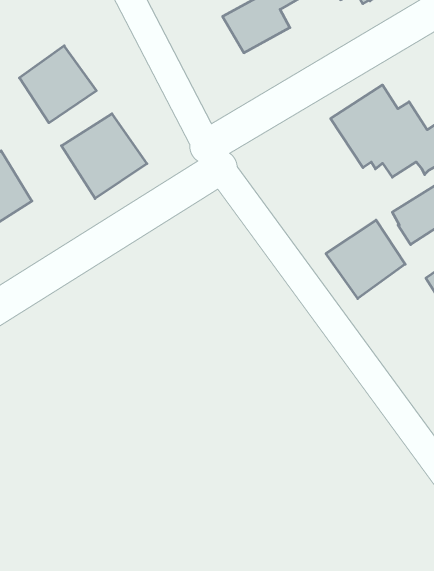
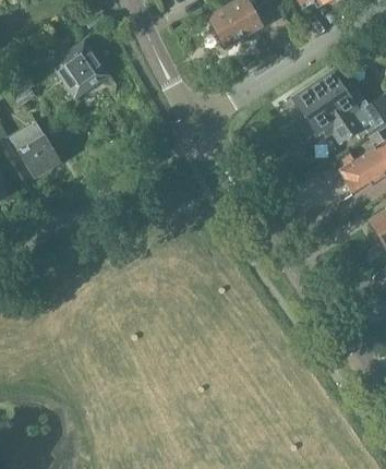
building: [61,114,147,199] -> none
building: [326,220,405,299] -> none

